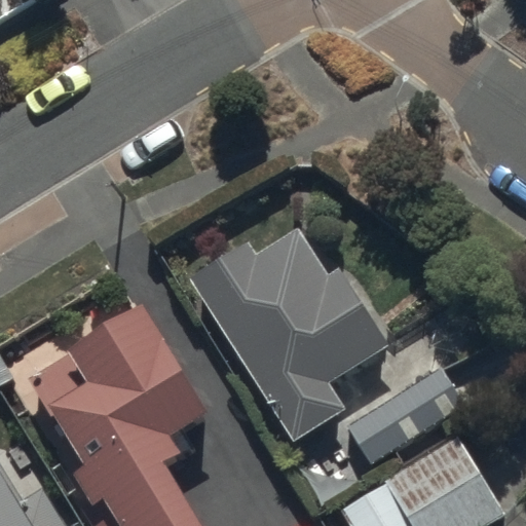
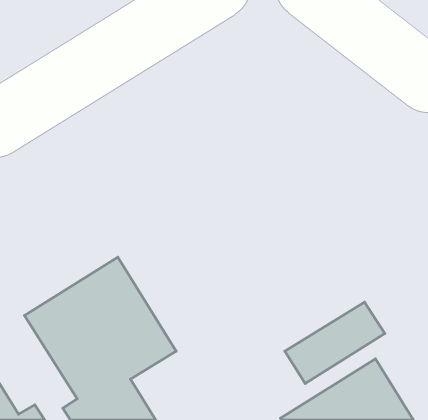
building: [195,233,388,444] -> none

